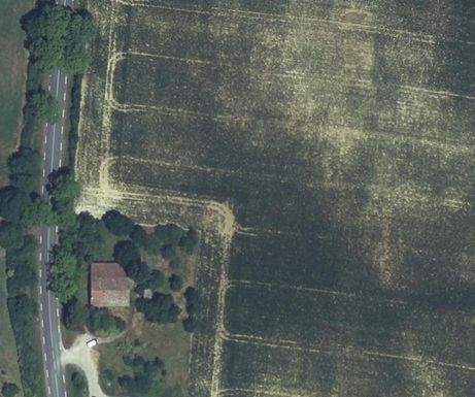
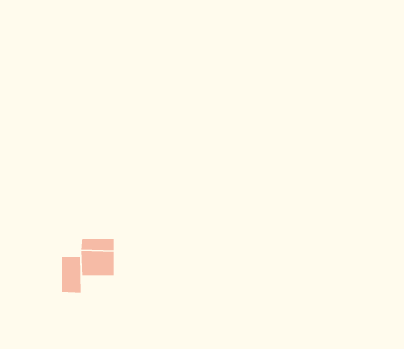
building: none -> [61,256,82,294]

